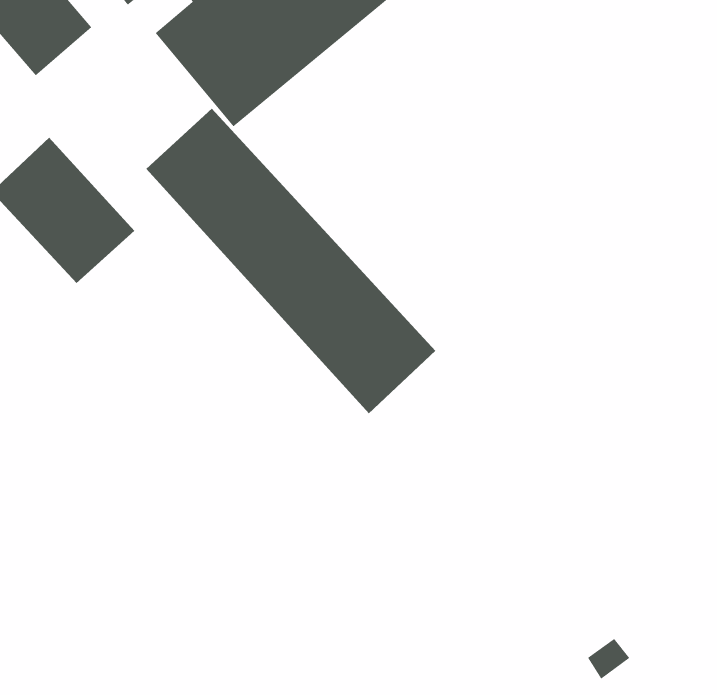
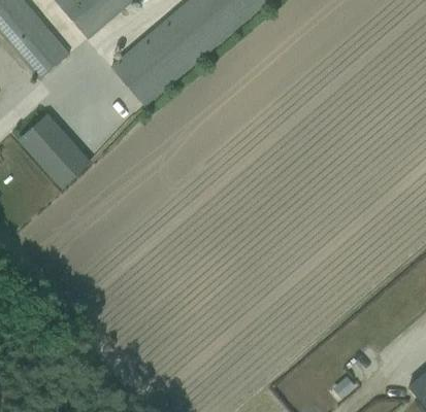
building: [145,108,436,414] -> none

